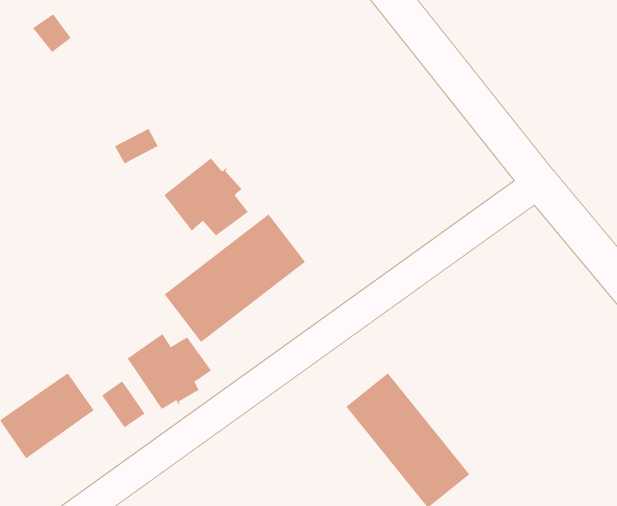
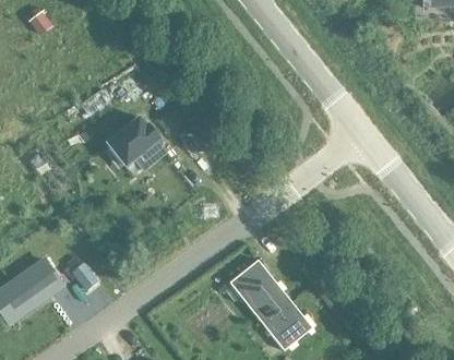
building: [164,213,306,343] -> none
building: [127,333,212,410] -> none

